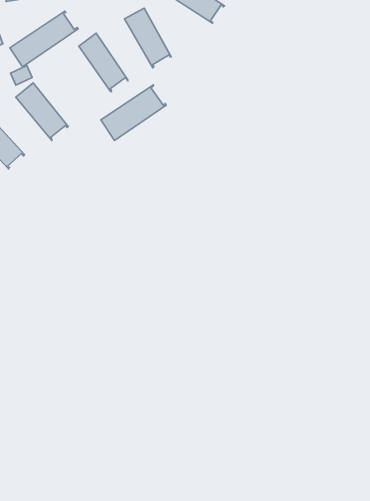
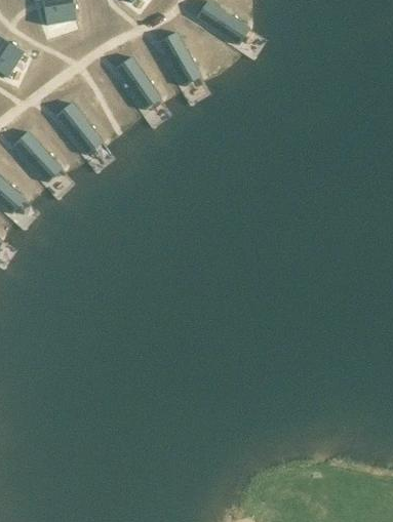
building: [10,11,78,67] -> none
building: [101,85,166,140] -> none

